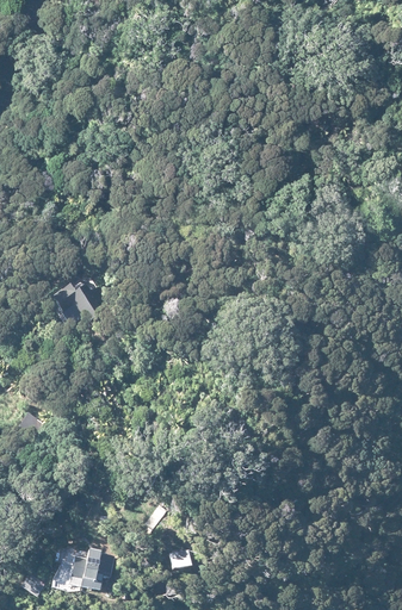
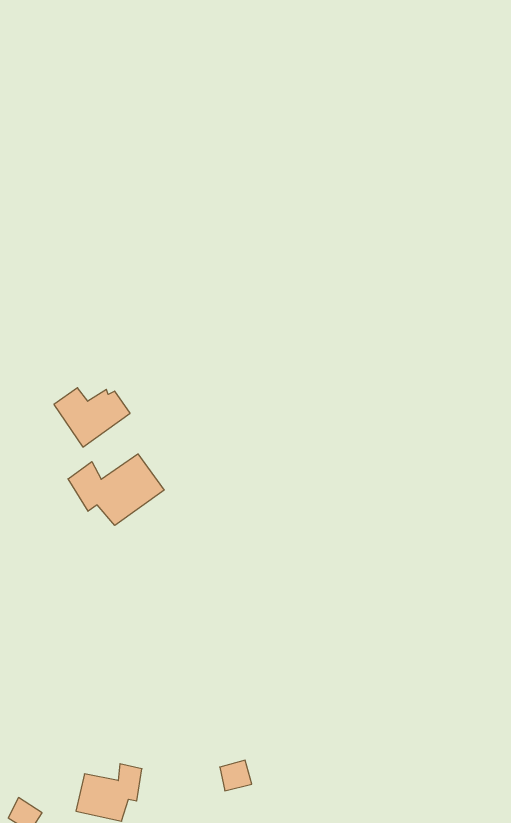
building: none -> [68,454,164,525]

